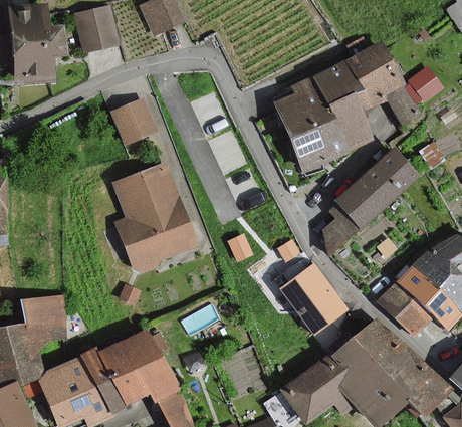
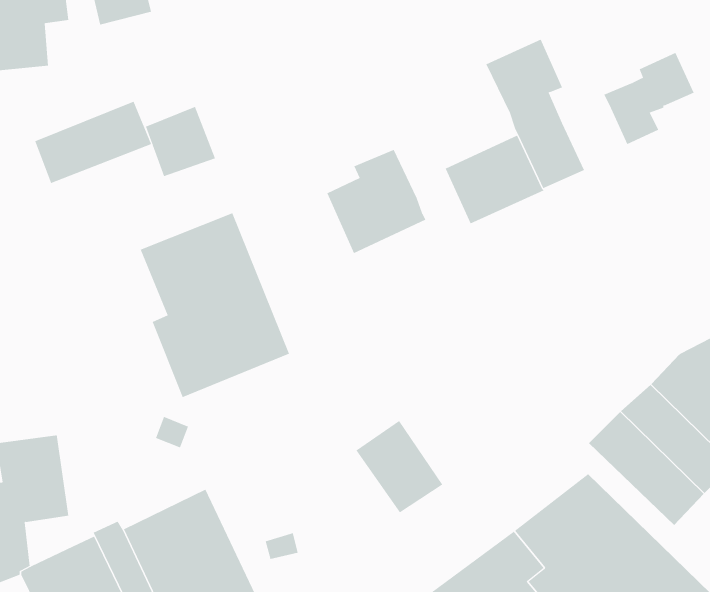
building: [348,43,402,110] -> none
building: [274,74,333,137] -> [327,149,426,254]
building: none -> [34,101,152,184]
building: [322,149,418,254] -> none
building: [288,269,340,325] -> [356,420,443,513]

